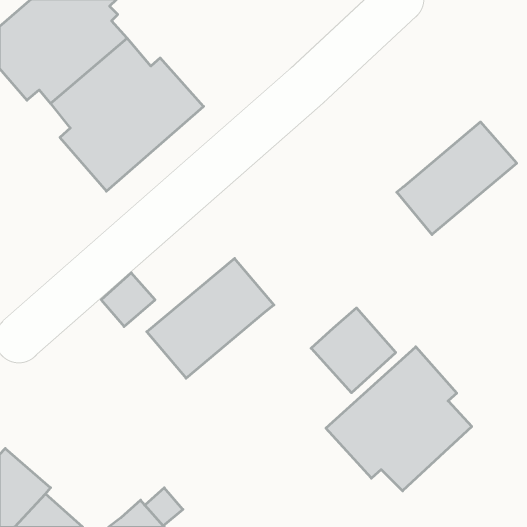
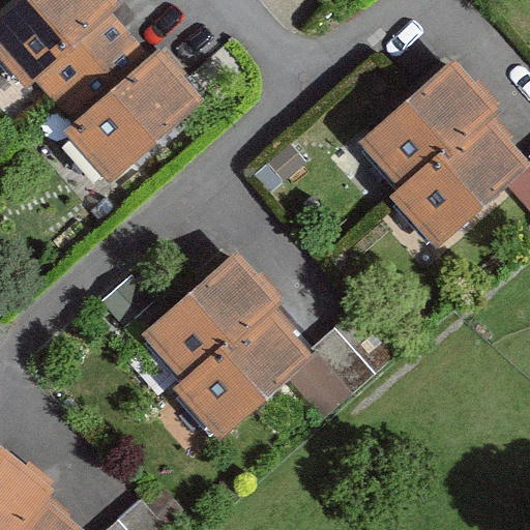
building: none -> [364,66,492,187]
building: none -> [180,314,300,426]
building: [326,347,472,491] -> none

